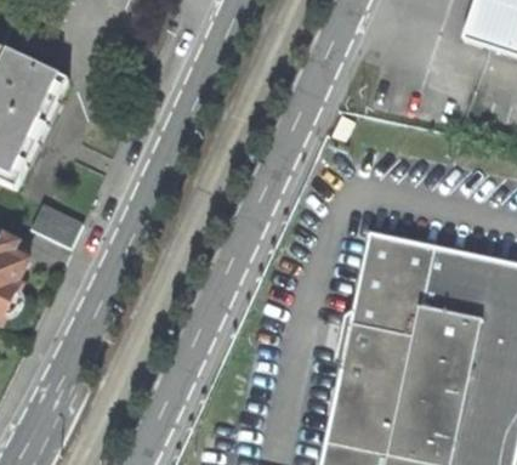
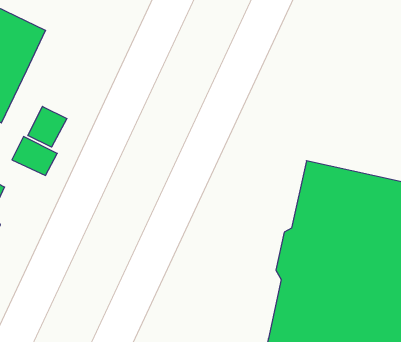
building: none -> [28,106,67,147]

